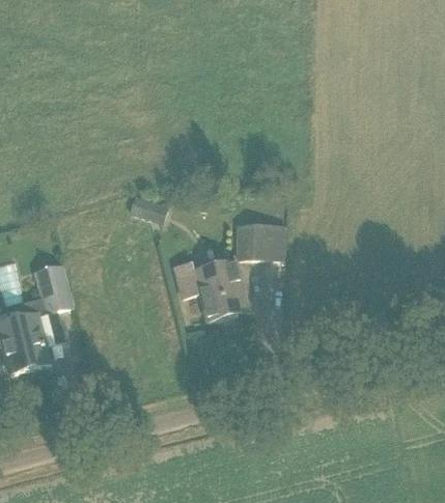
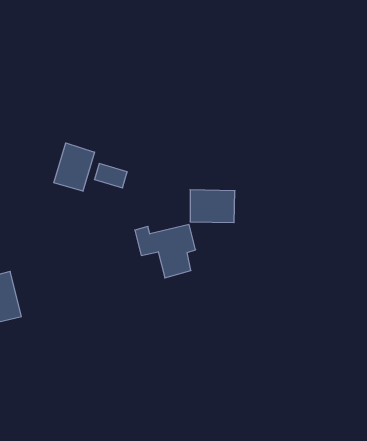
building: none -> [54,143,95,191]
building: [37,264,72,311] -> none

